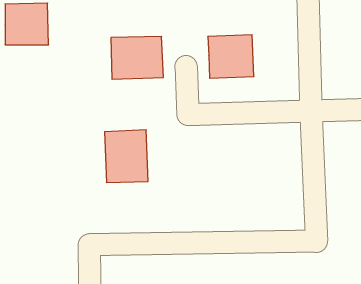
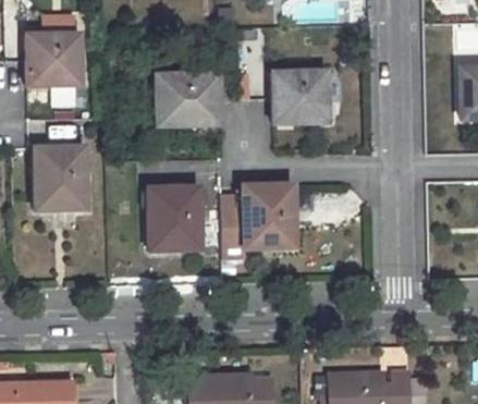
building: none -> [34,144,86,208]
building: none -> [220,183,293,256]

